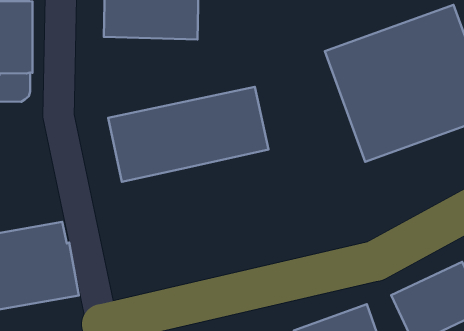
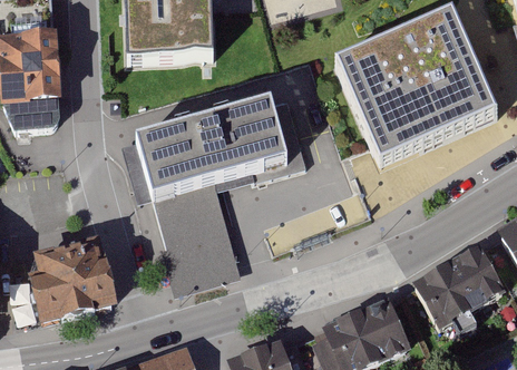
building: none -> [152,179,241,294]

